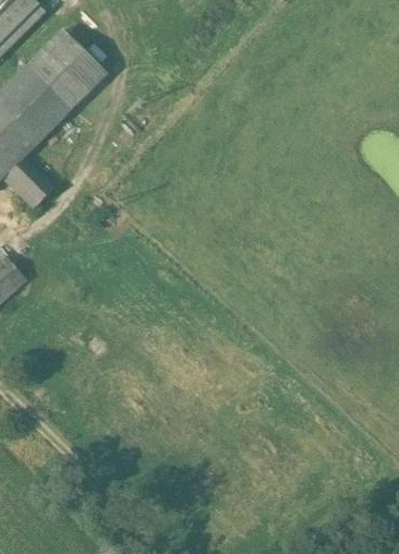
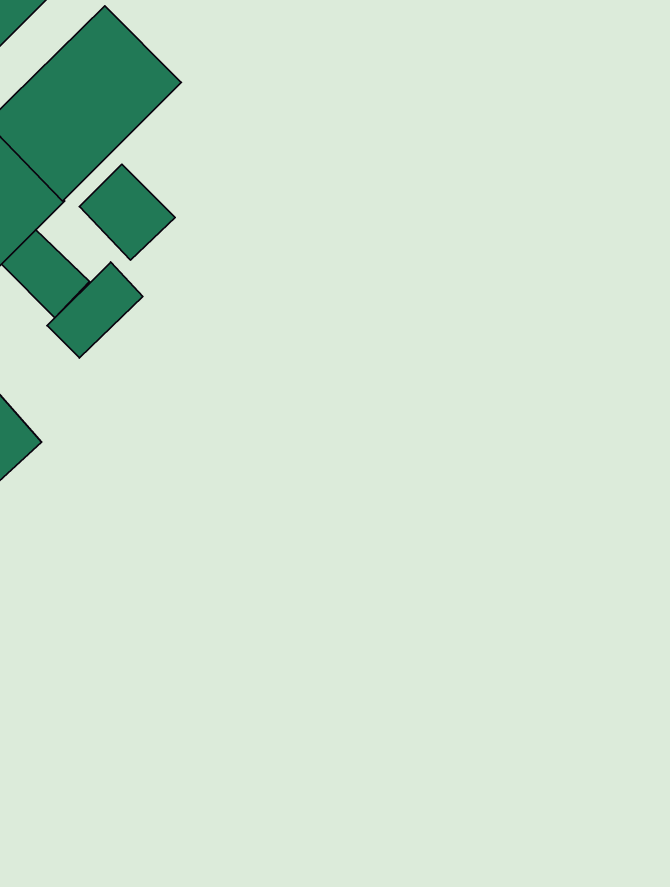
building: none -> [79,164,175,260]
building: none -> [47,262,143,358]

